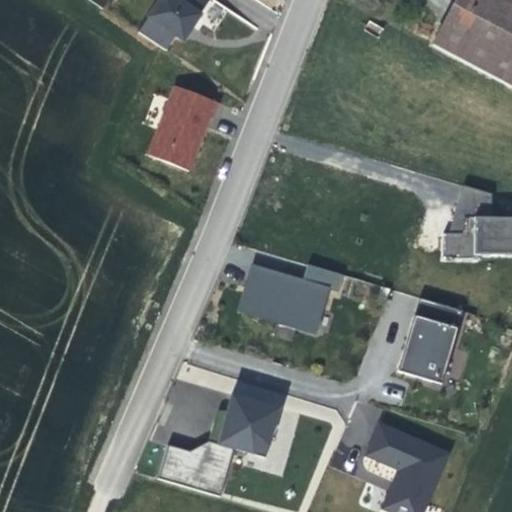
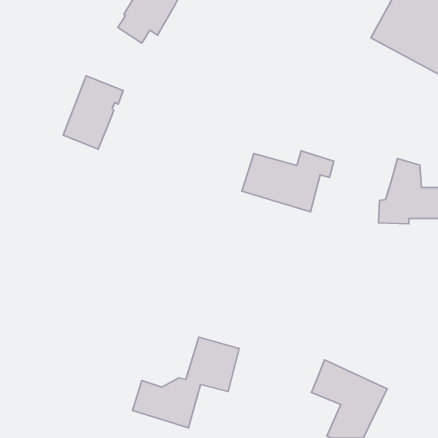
building: [149,86,219,171] -> [63,76,123,149]
building: [239,261,346,332] -> [242,151,334,212]
building: [400,296,464,383] -> none

